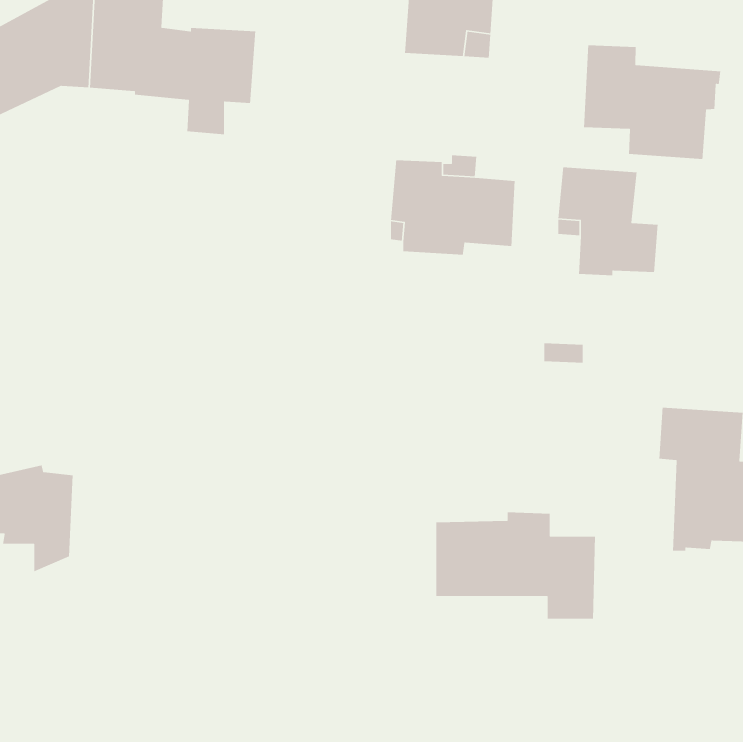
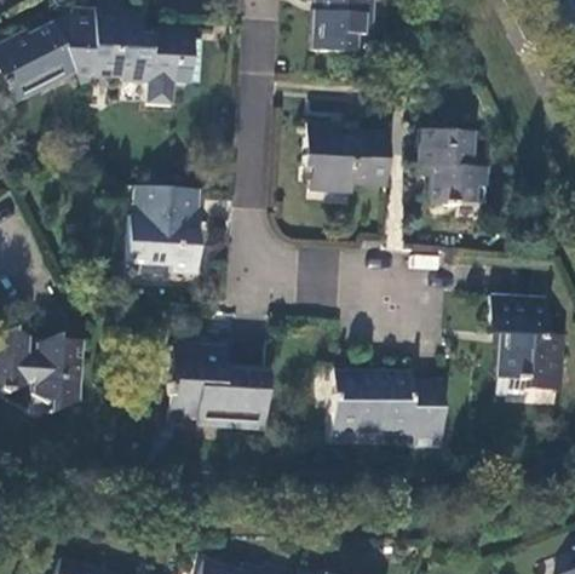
building: [583,44,721,160] -> none
building: none -> [127,189,201,281]
building: none -> [160,350,268,430]

